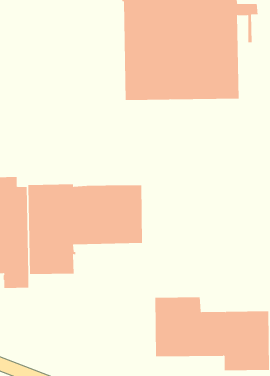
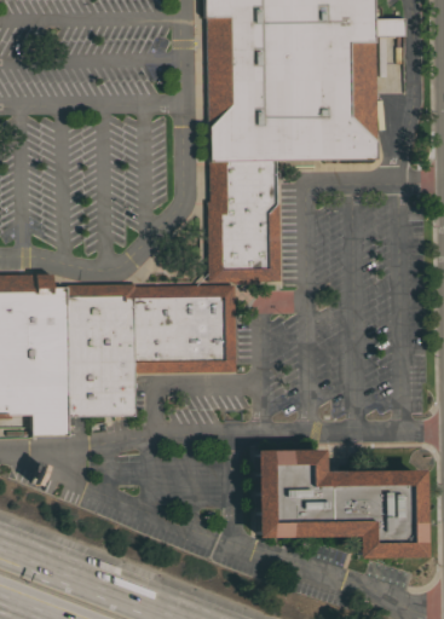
building: none -> [207,160,281,283]

